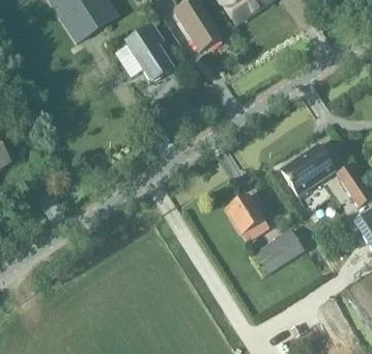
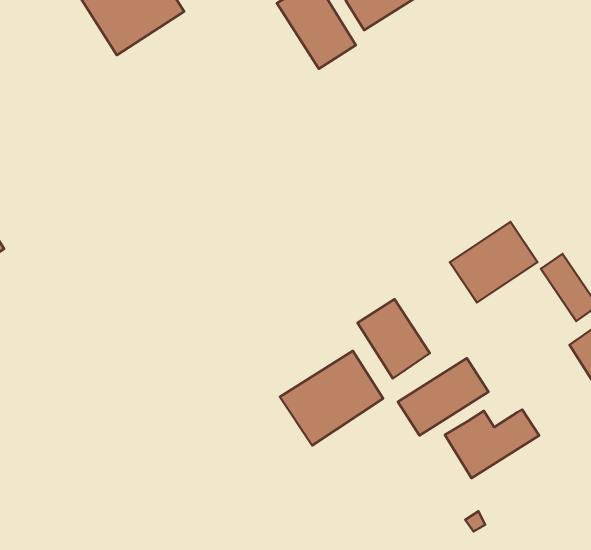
building: [125,26,172,83] -> none
building: none -> [280,351,383,445]
building: none -> [445,410,539,478]

